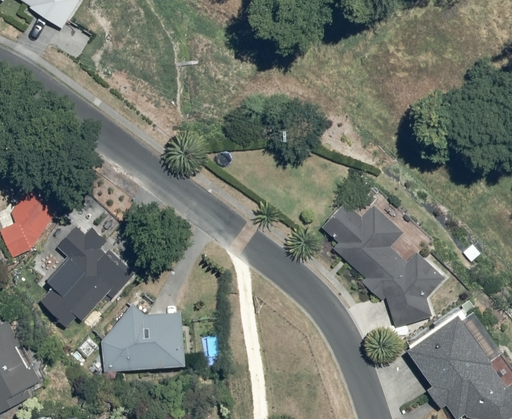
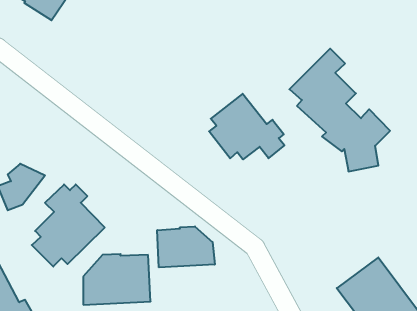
building: none -> [209,94,284,159]
building: [322,178,443,326] -> [289,49,390,171]
building: none -> [157,226,215,267]

